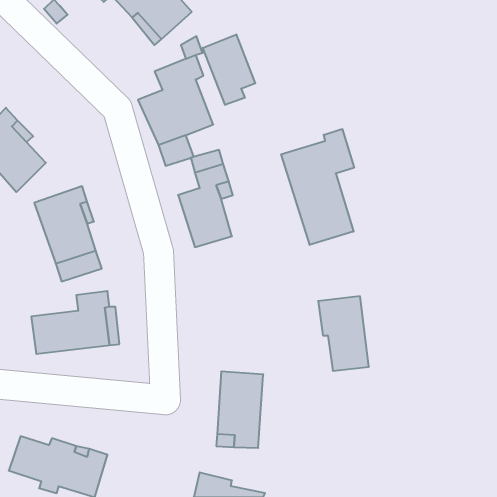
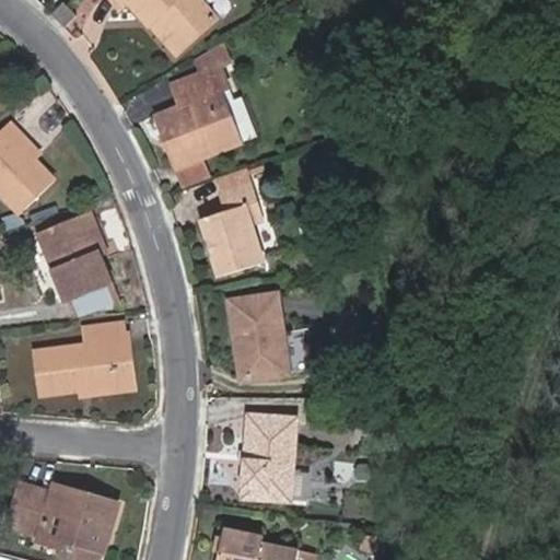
building: [203,34,255,105] -> none
building: [281,129,354,245] -> none
building: [318,296,369,371] -> [230,294,287,377]

